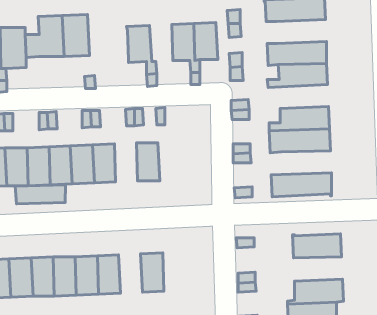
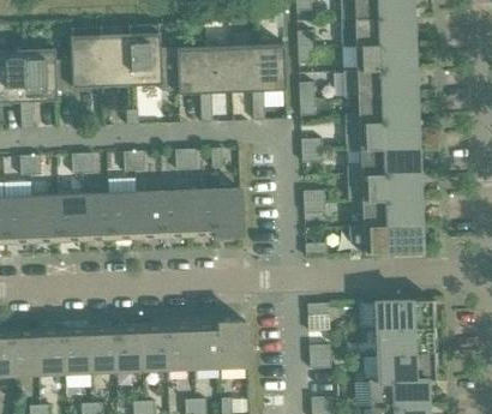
building: none -> [130,34,179,90]
building: none -> [355,41,415,70]
building: none -> [204,47,232,91]
building: none -> [346,119,418,149]
building: none -> [214,187,242,234]
building: none -> [162,188,190,235]
building: none -> [349,198,421,227]
building: [15,185,65,204] -> none
building: none -> [220,319,247,366]
building: none -> [167,322,196,368]
building: none -> [376,325,434,354]

